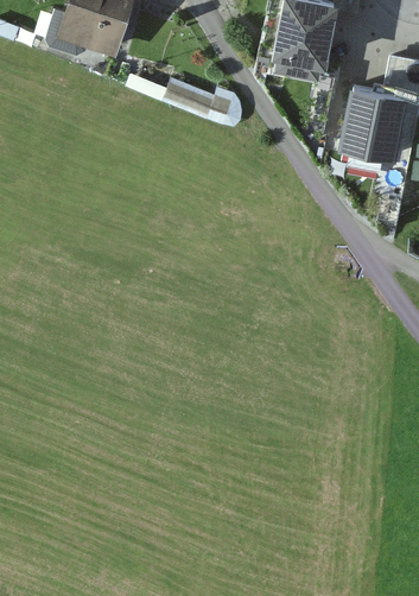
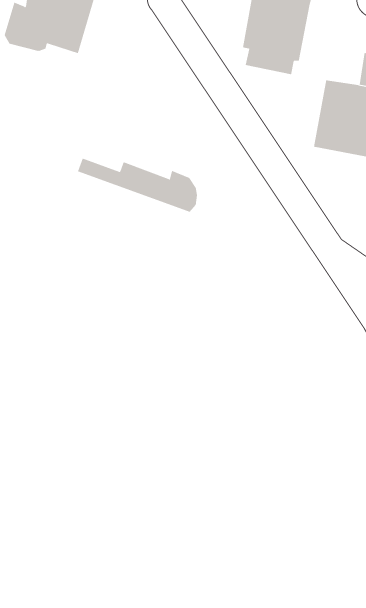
building: [127,75,242,127] -> [77,158,198,212]

